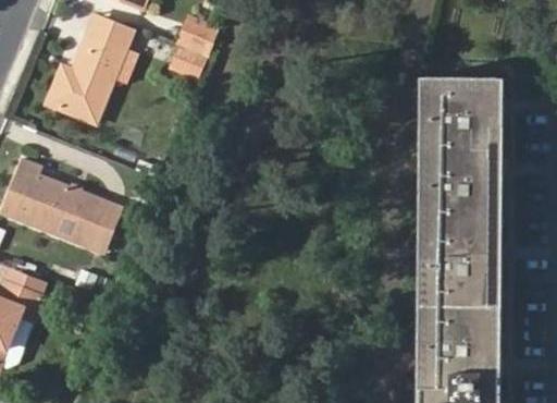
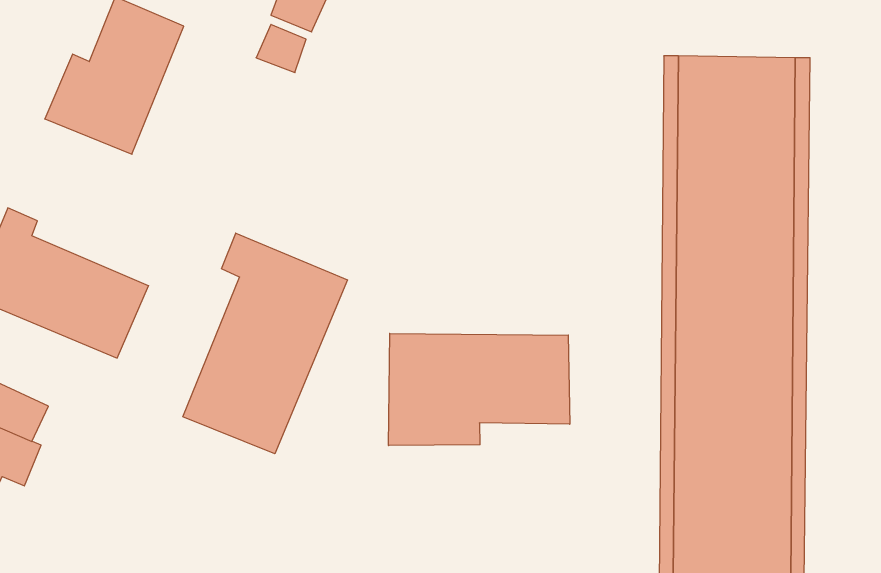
building: none -> [183,233,347,454]
building: none -> [389,333,570,446]

